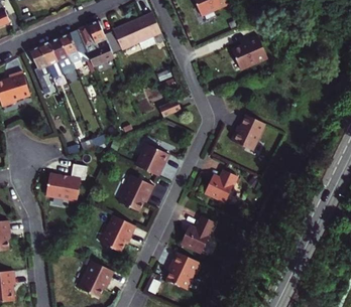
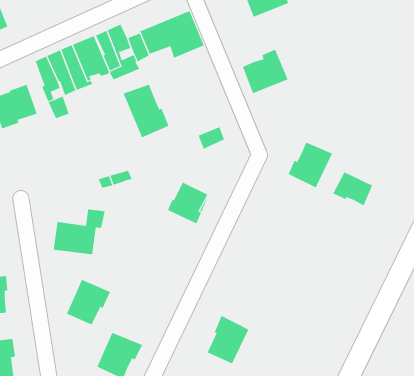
building: [231,36,267,71] -> [242,49,288,94]
building: none -> [123,84,169,138]
building: none -> [333,171,373,206]
building: [204,168,236,201] -> none
building: [118,176,153,212] -> none
building: [181,214,215,251] -> none
building: [101,216,136,253] -> [66,279,111,325]

